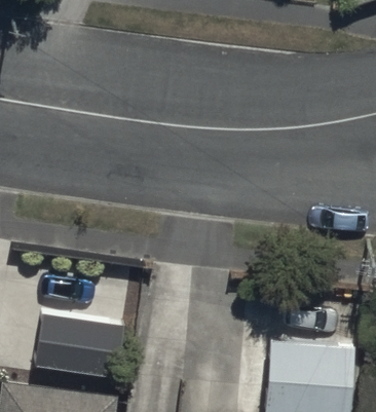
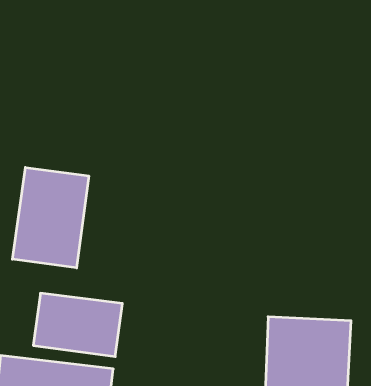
building: none -> [12,167,89,268]

